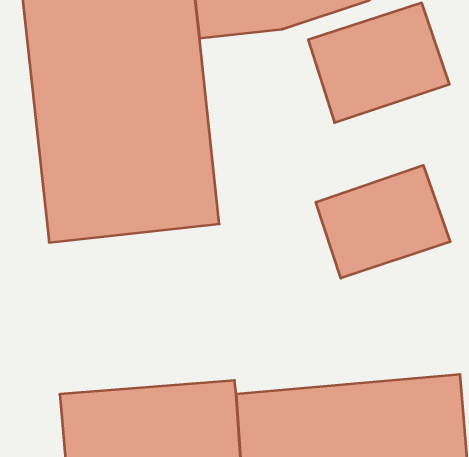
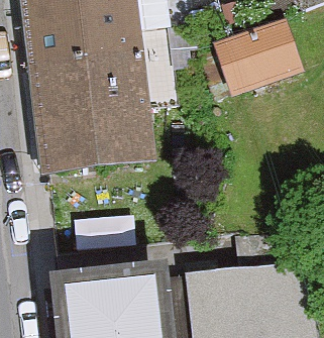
building: [316,165,450,278] -> none

